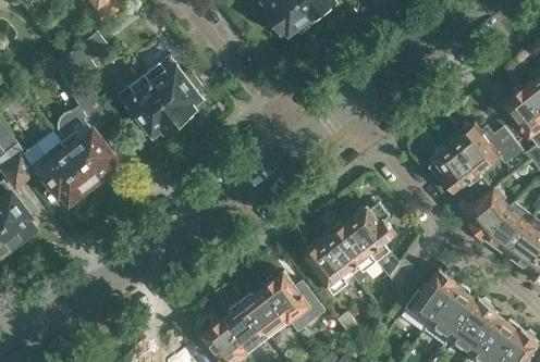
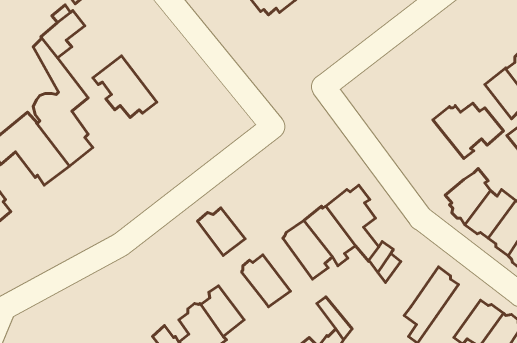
building: [145,58,201,122] -> none
building: [428,139,492,198] -> none
building: [406,271,457,323] -> none
building: [241,289,287,336] -> [198,208,245,255]
building: [455,299,500,353] -> none

